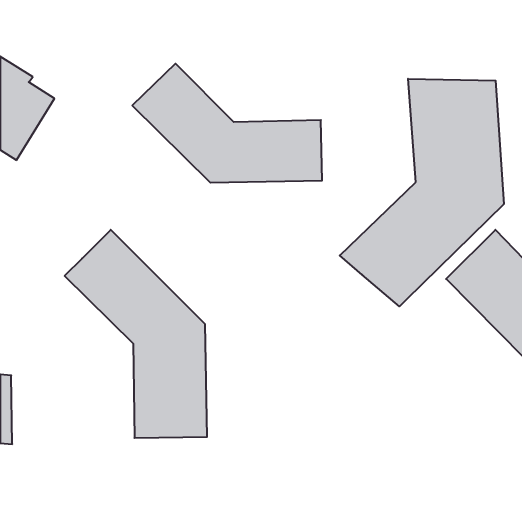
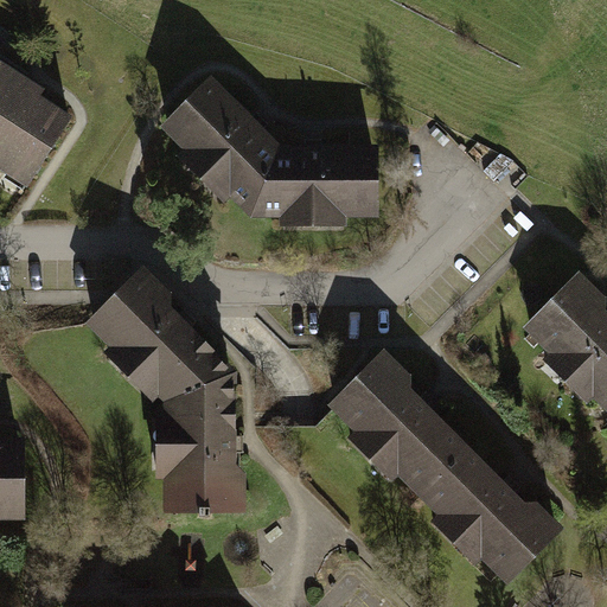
building: [340,79,504,306] -> none
building: none -> [327,353,560,583]

